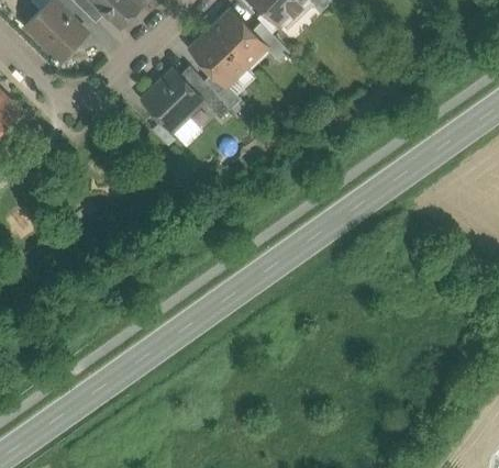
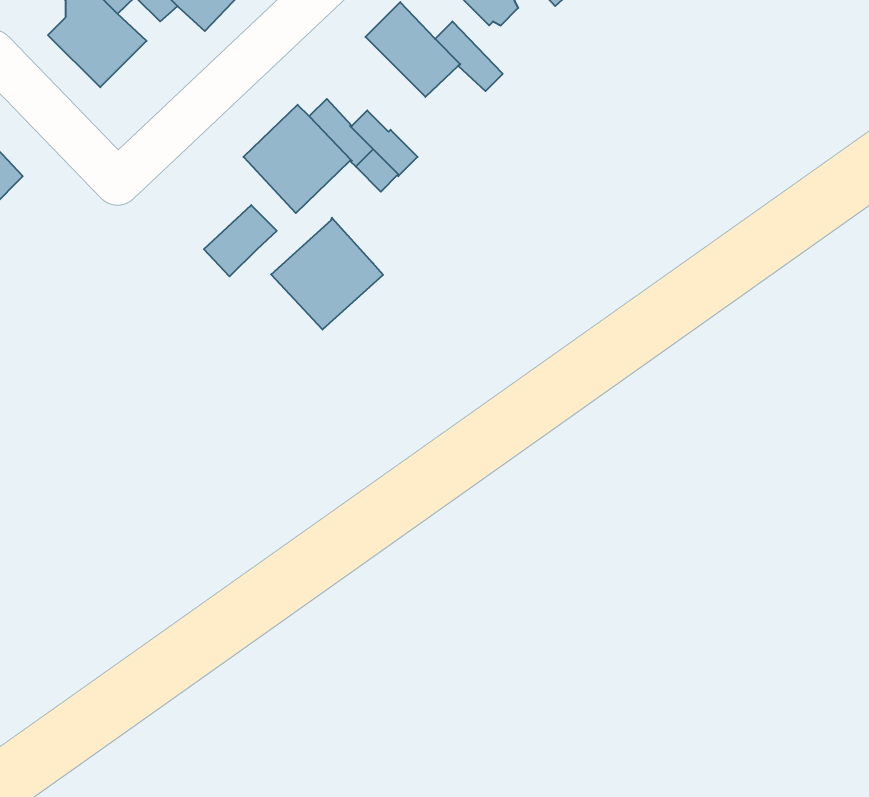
building: [190,32,244,86] -> none
building: none -> [204,205,277,276]
building: none -> [271,218,383,330]

